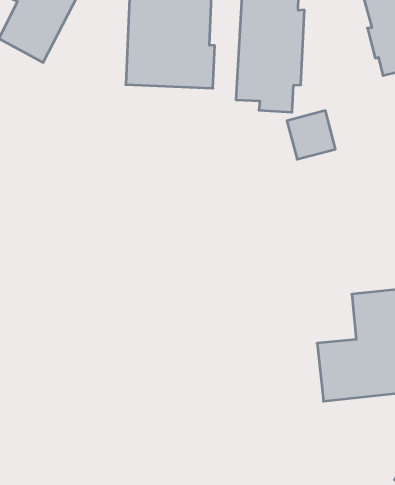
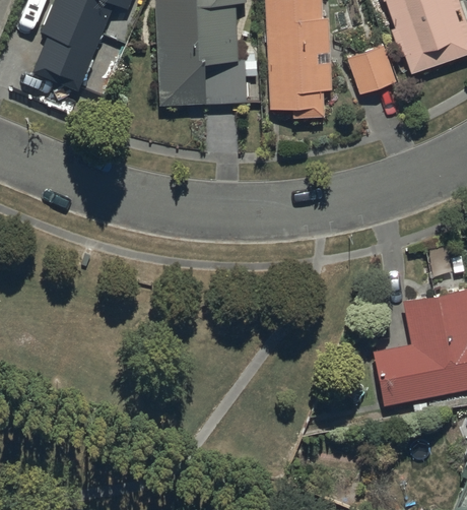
building: [287,111,335,159] -> [347,47,397,97]

